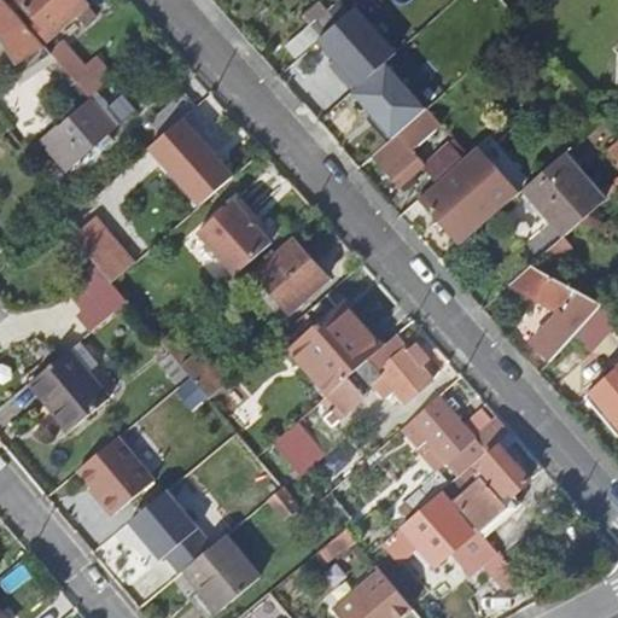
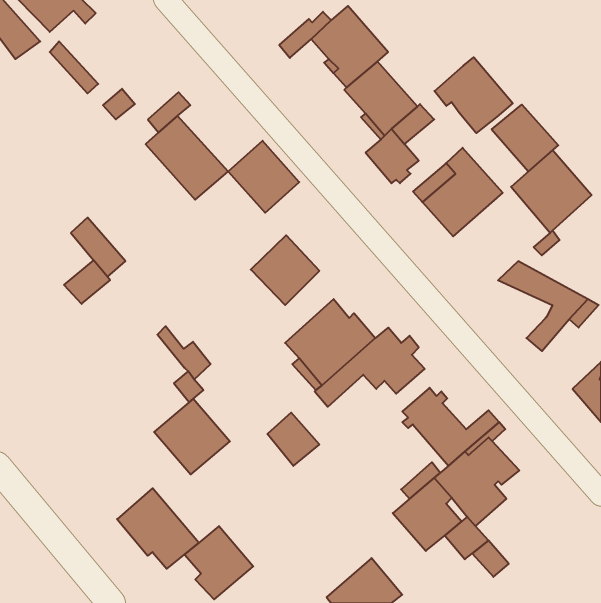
building: none -> [434,57,513,133]
building: [41,99,116,170] -> none
building: none -> [492,105,558,171]
building: [198,200,270,274] -> [228,141,299,213]
building: [33,343,104,431] -> none
building: [76,437,153,514] -> [154,399,230,474]

